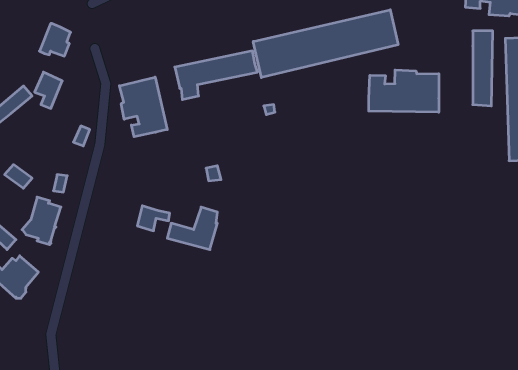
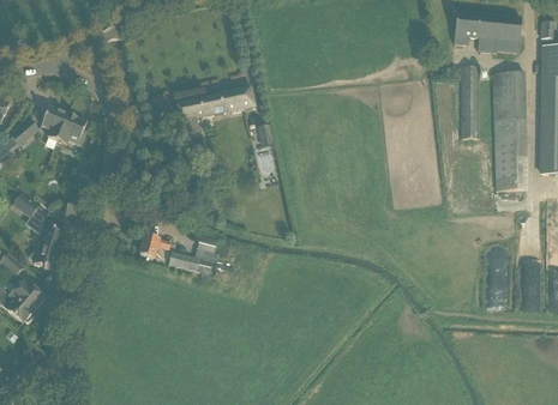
building: [253,10,398,78] -> none
building: [39,24,71,56] -> [55,113,85,144]
building: [369,70,439,112] -> none
building: [119,77,167,137] -> none

